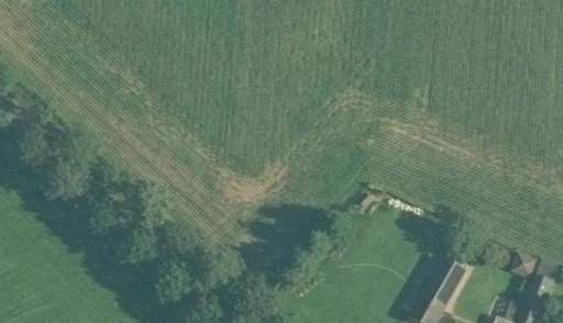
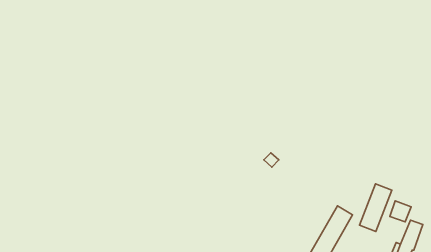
building: none -> [359,184,392,231]

